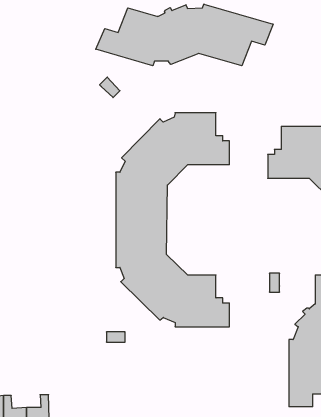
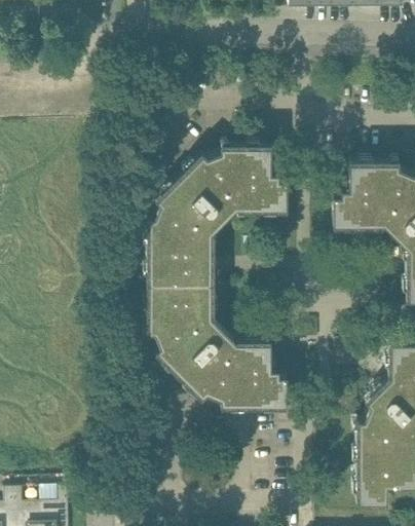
building: [96,4,273,66] -> none

